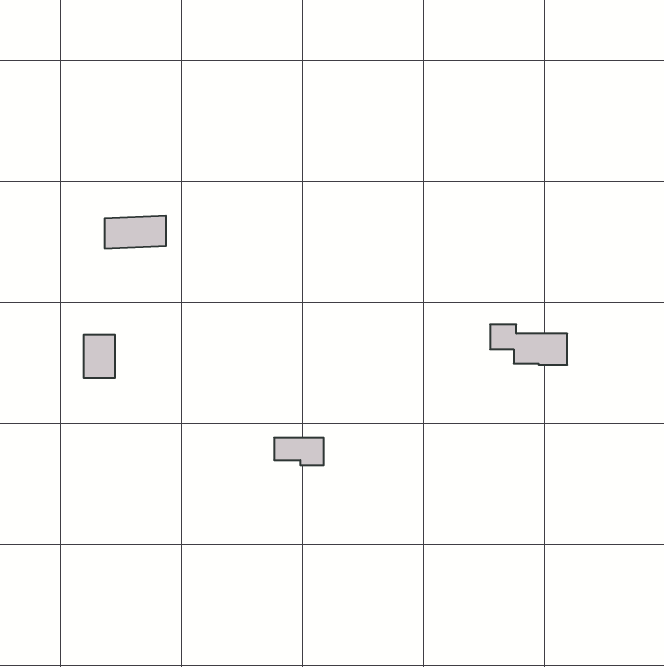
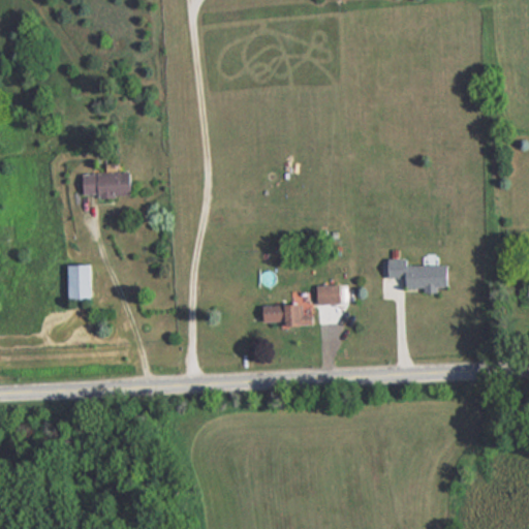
building: none -> [317,286,341,305]
building: [274,438,324,465] -> [263,306,303,328]

